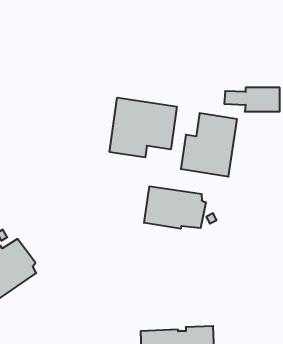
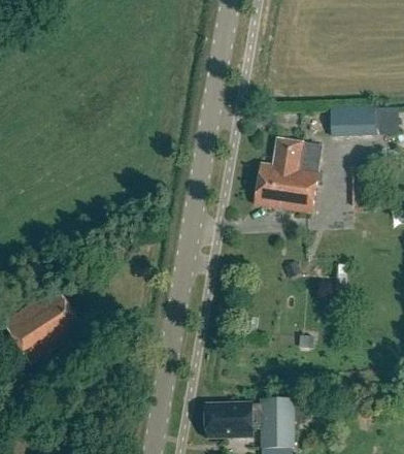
building: [110,98,177,157] -> none
building: [144,186,206,229] -> none

